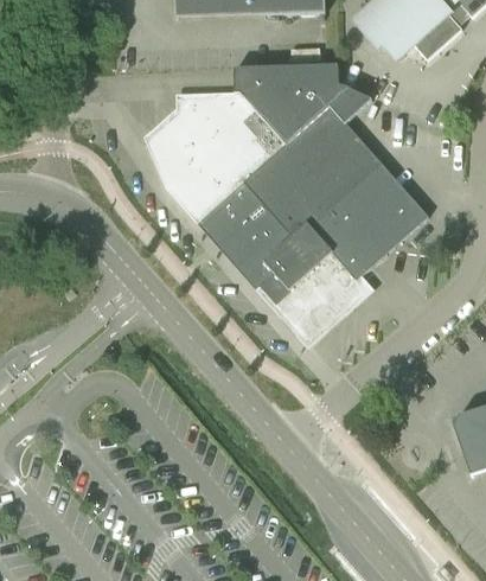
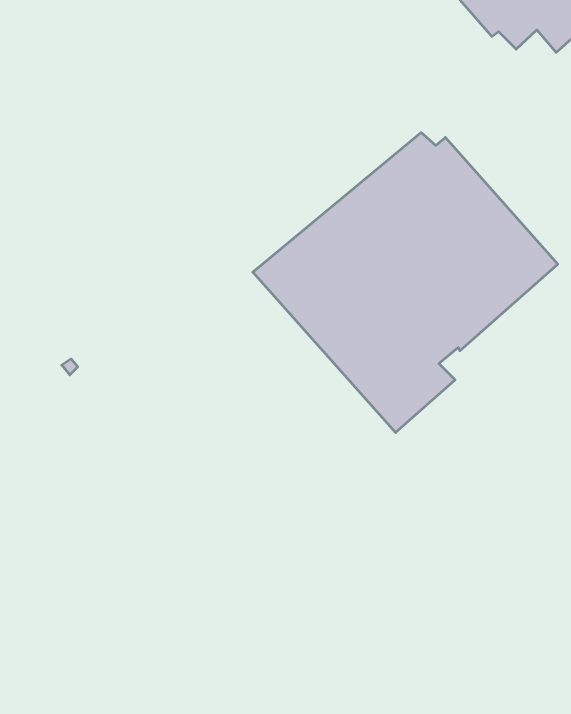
building: [149,64,370,222] -> none

